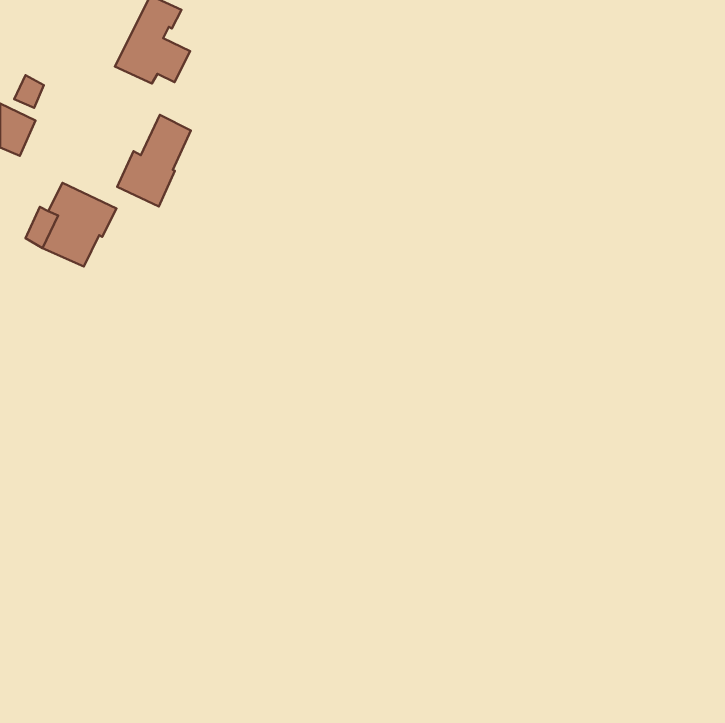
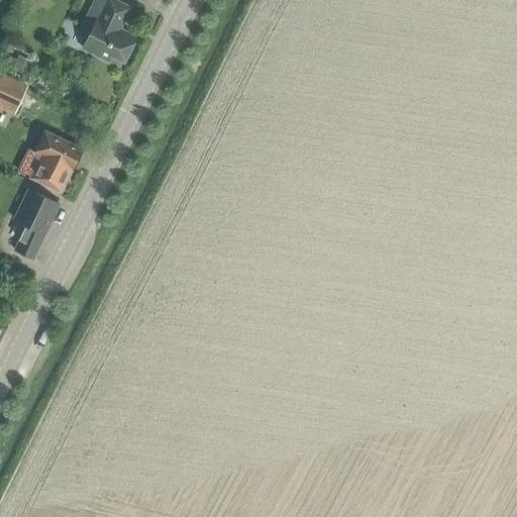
building: [117,115,191,206] -> none
building: none -> [11,188,59,258]

